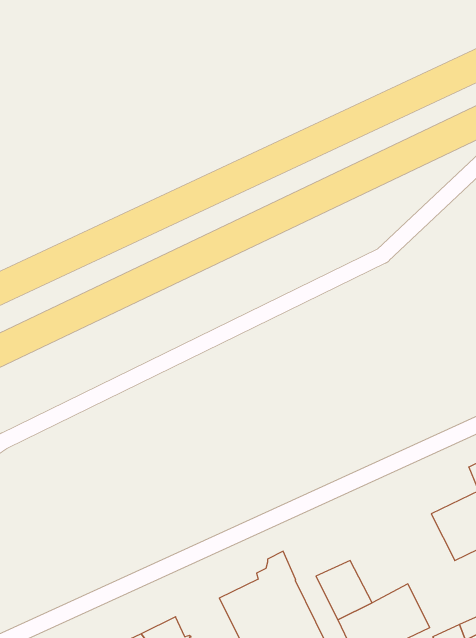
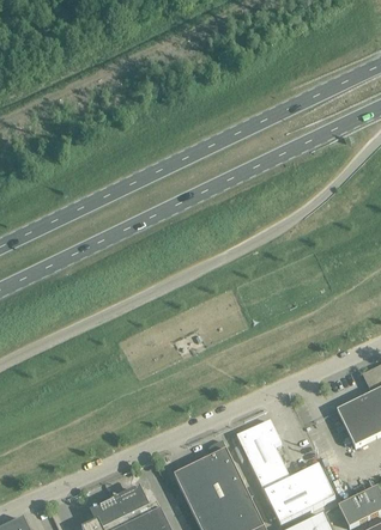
building: none -> [236,418,280,456]

